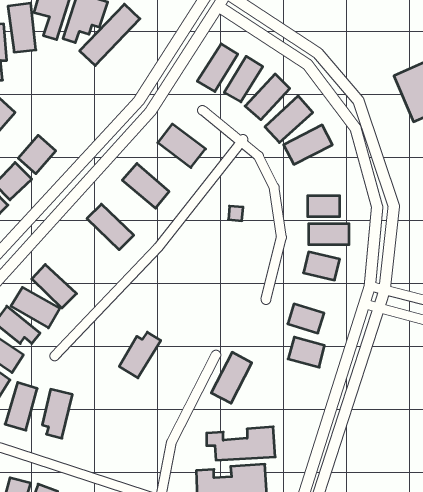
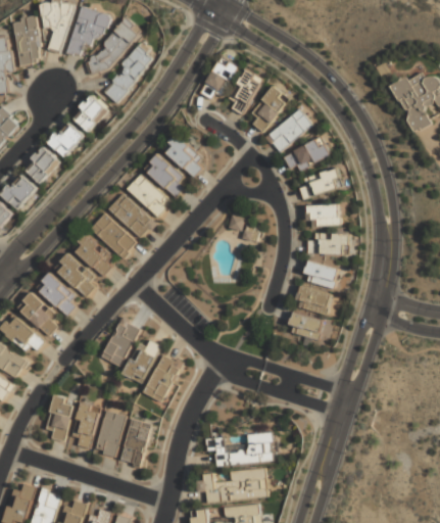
building: none -> [102,44,156,103]
building: none -> [71,94,109,133]
building: none -> [47,121,85,158]
building: none -> [144,154,188,199]
building: none -> [298,168,343,200]
building: none -> [108,193,155,239]
building: none -> [71,233,112,278]
building: none -> [54,253,96,297]
building: none -> [101,318,141,367]
building: [288,337,324,367] -> [295,286,331,316]
building: [211,352,252,403] -> [144,352,184,402]
building: [5,382,37,430] -> [70,402,102,449]
building: none -> [96,411,126,458]
building: none -> [123,420,153,466]

